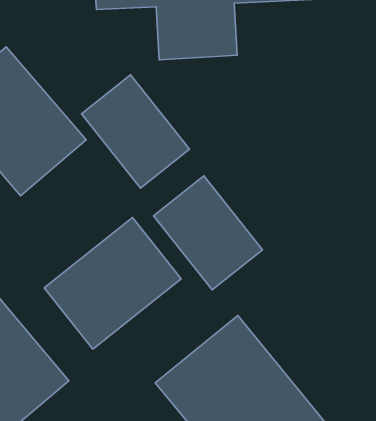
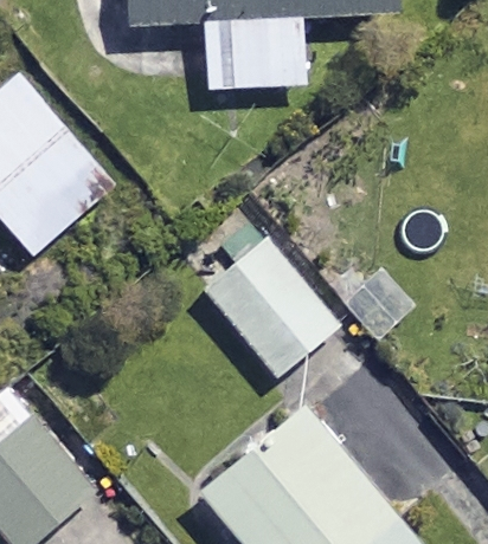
building: [82,75,189,188] -> none
building: [44,218,181,349] -> none

